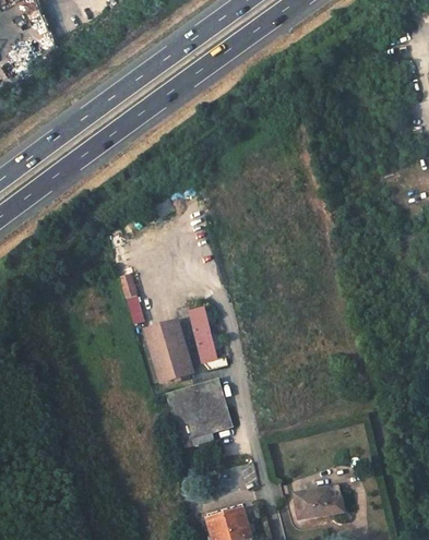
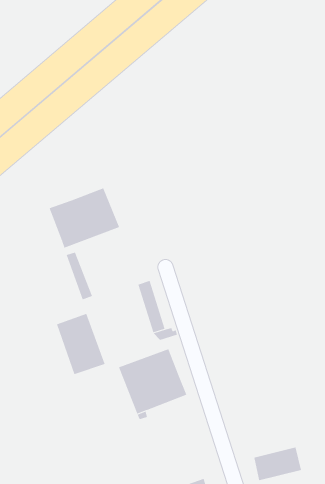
building: none -> [49,187,120,249]
building: [146,320,193,381] -> [56,313,106,375]

